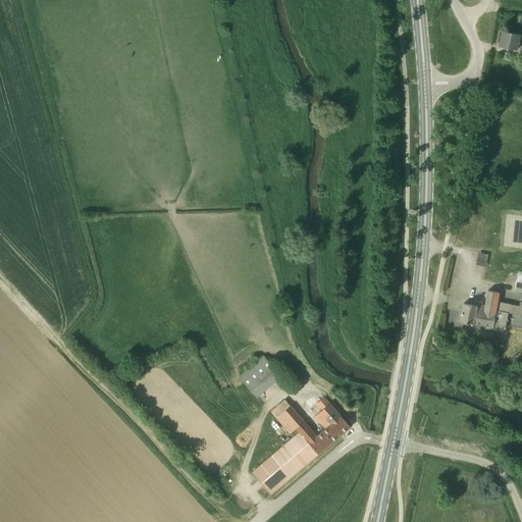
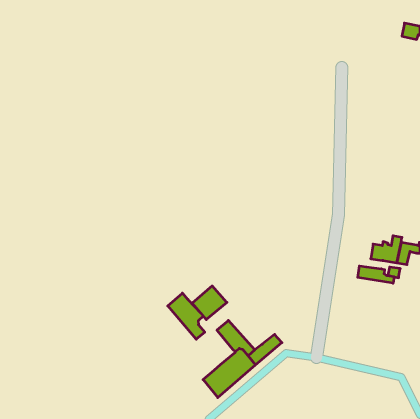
building: none -> [358,266,394,283]
building: none -> [168,293,205,339]
building: [314,396,341,427] -> none

